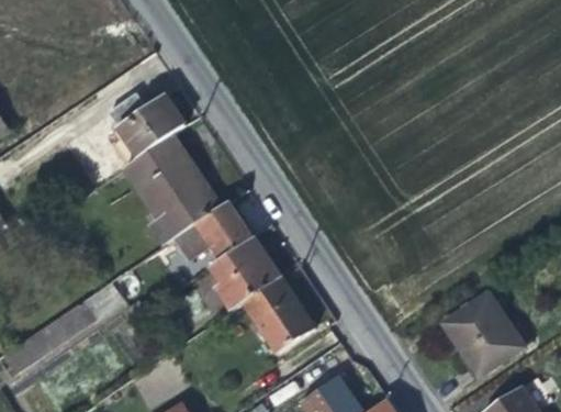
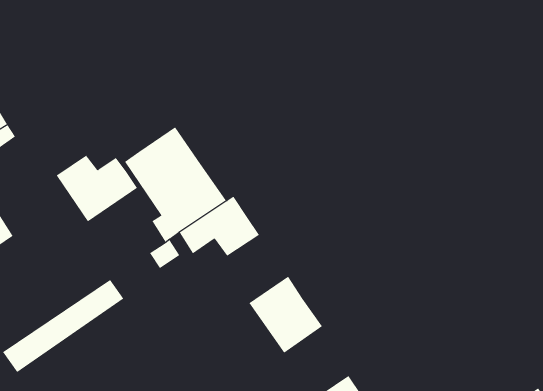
building: [108,96,187,160] -> [56,155,138,222]
building: [211,241,282,314] -> none
building: [442,298,523,380] -> none

